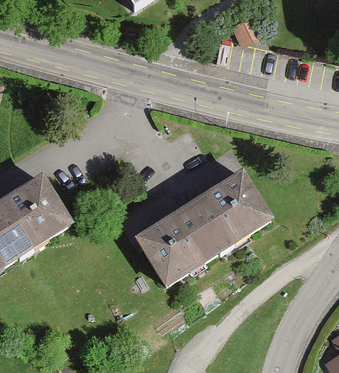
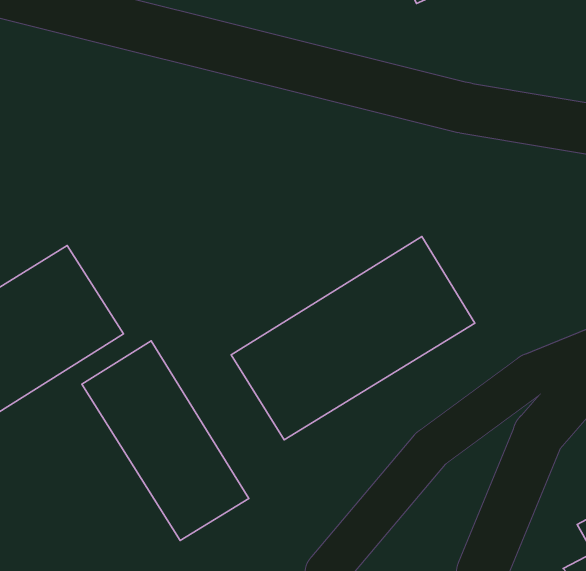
building: none -> [82,341,249,541]

